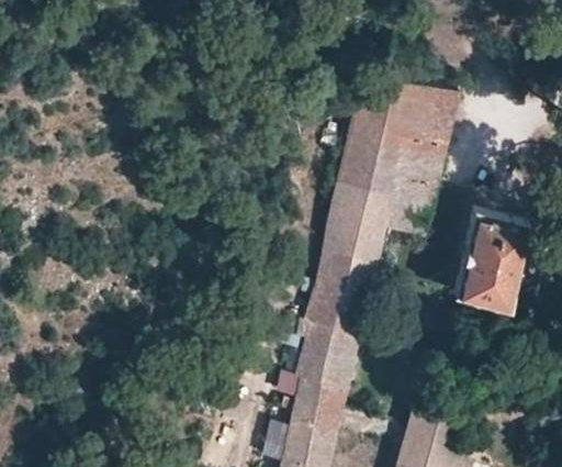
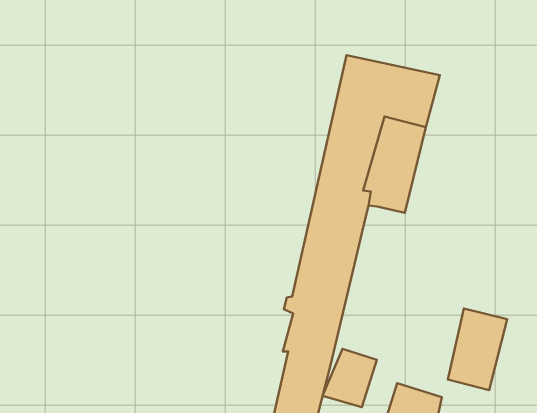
building: [460,222,521,307] -> [448,309,507,390]
building: none -> [323,349,377,407]

